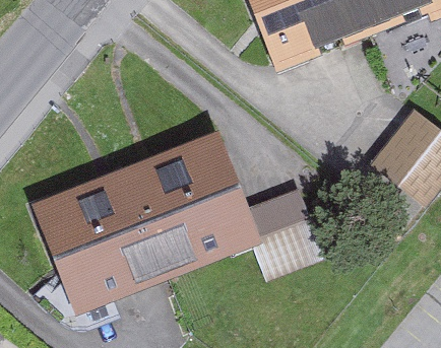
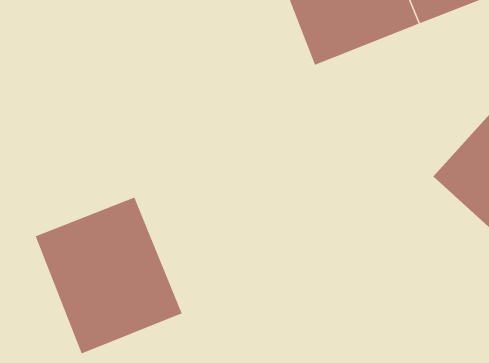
building: [119,140,248,275] -> none

